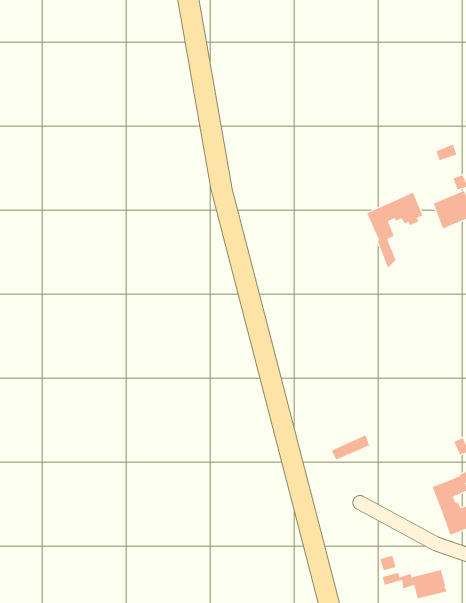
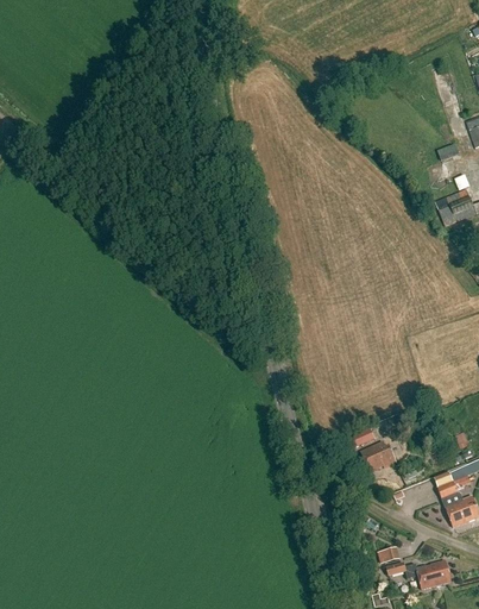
building: [367,192,423,269] -> none
building: none -> [361,441,393,472]

